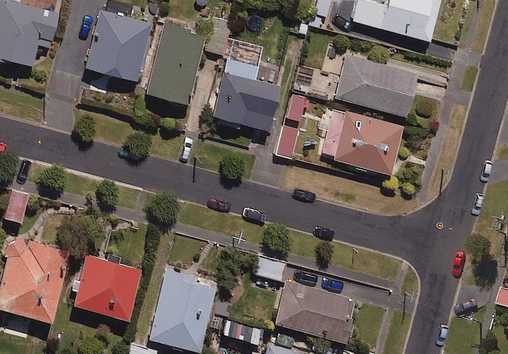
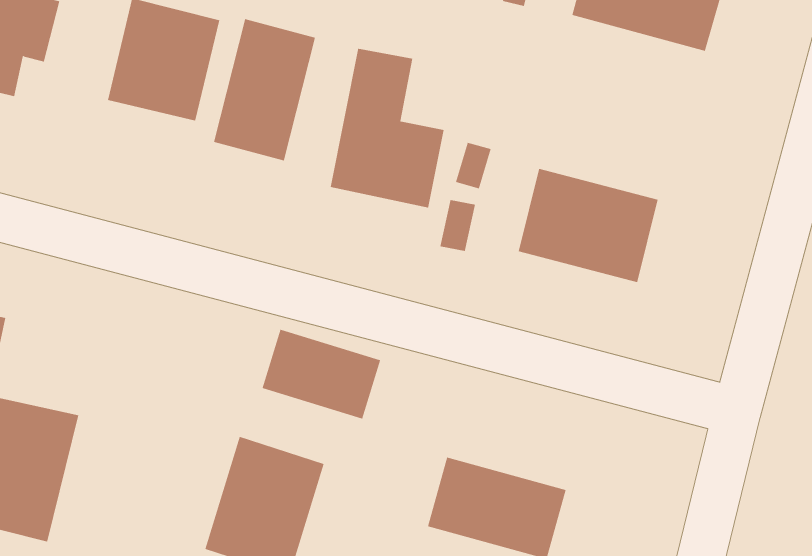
building: [336,55,419,118] -> none
building: none -> [262,329,381,419]
building: [74,256,142,321] -> none

